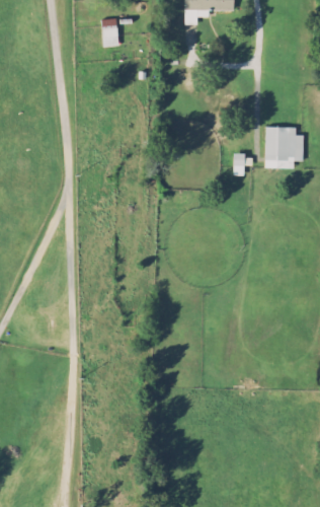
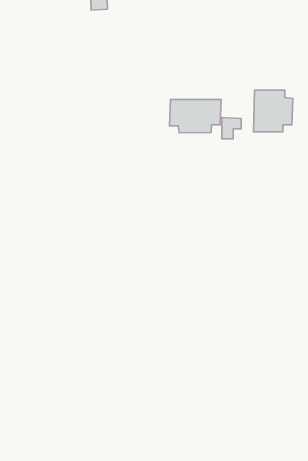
building: none -> [170,99,221,133]

